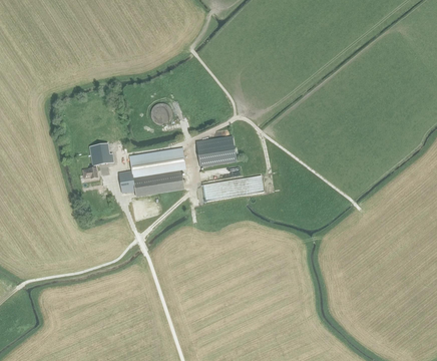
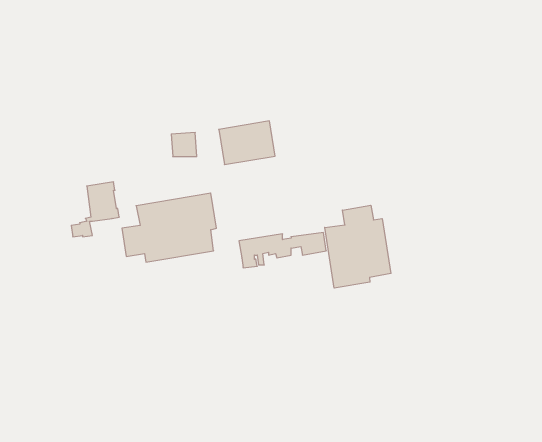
building: [195,136,236,167] -> [219,121,275,165]
building: none -> [325,205,391,288]

